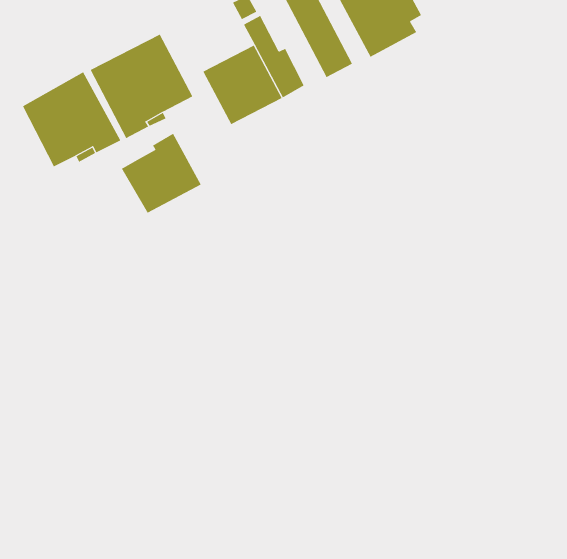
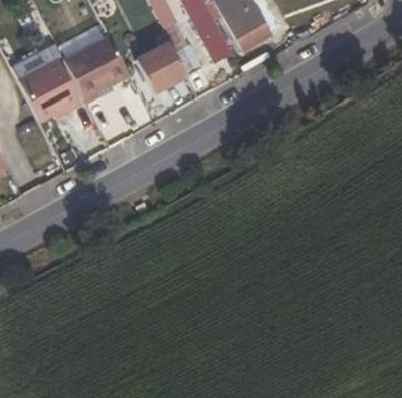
building: [121,133,202,213] -> none

